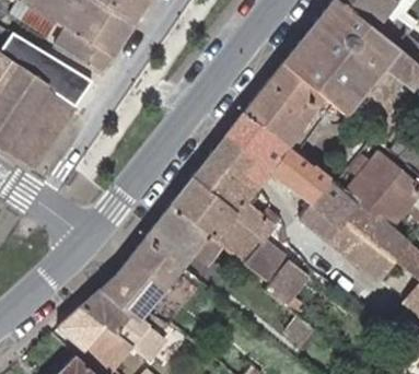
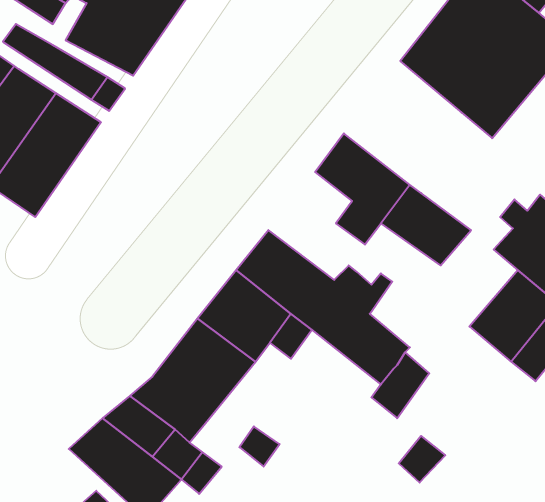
building: [245,62,334,152] -> none
building: [194,138,264,211] -> none
building: [298,177,363,243] -> none

